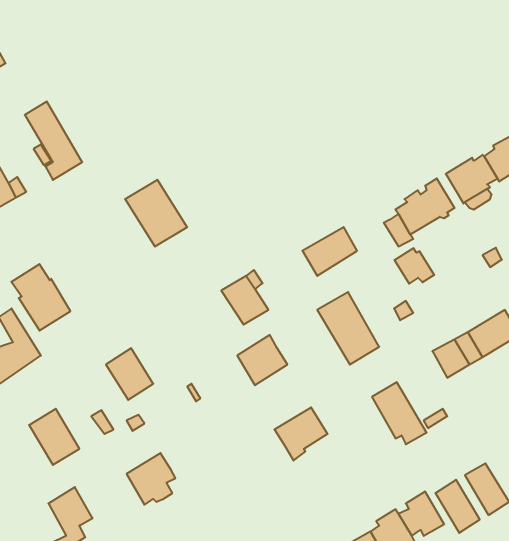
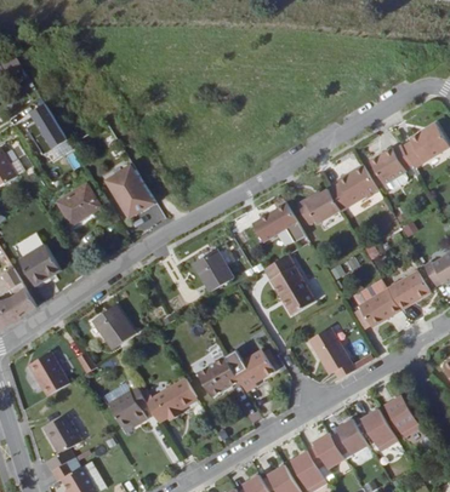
building: none -> [57,185,99,224]
building: [394,248,434,284] -> [297,196,330,225]
building: [237,335,287,385] -> [195,357,237,399]
building: none -> [143,378,195,424]

